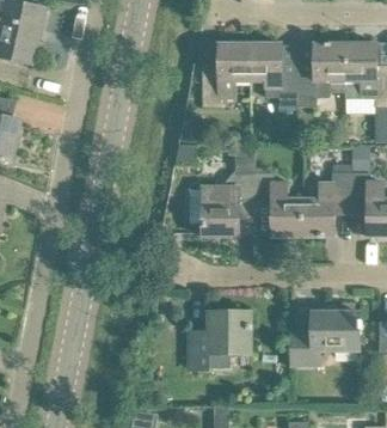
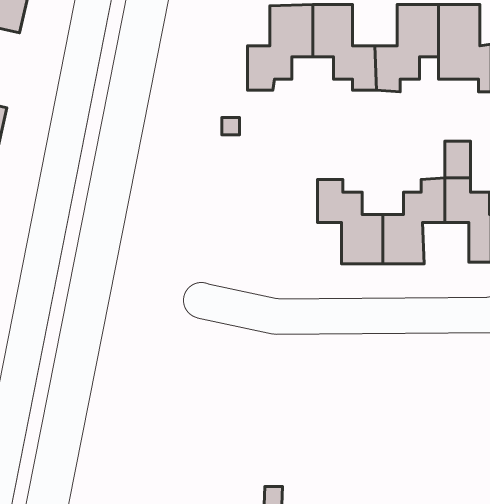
building: [188,143,253,237] -> none
building: [290,311,361,362] -> none
building: [189,312,248,368] -> none

